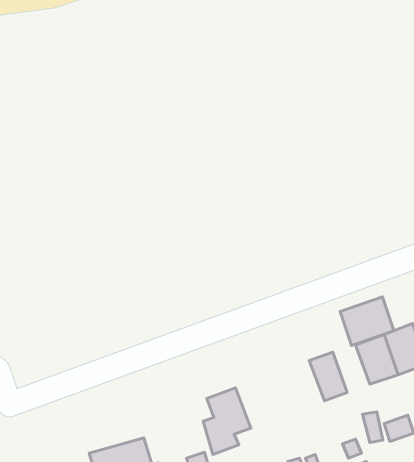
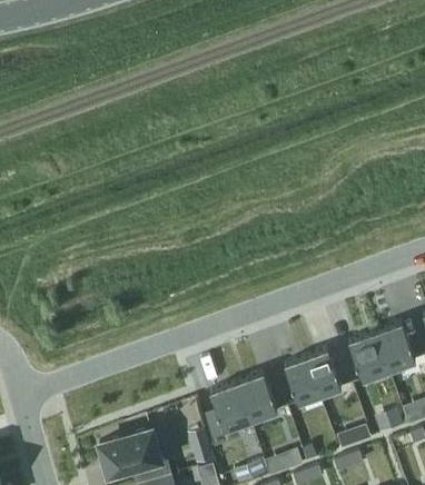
building: [340,297,394,346] -> none
building: none -> [284,359,319,405]
building: none -> [236,375,277,423]

